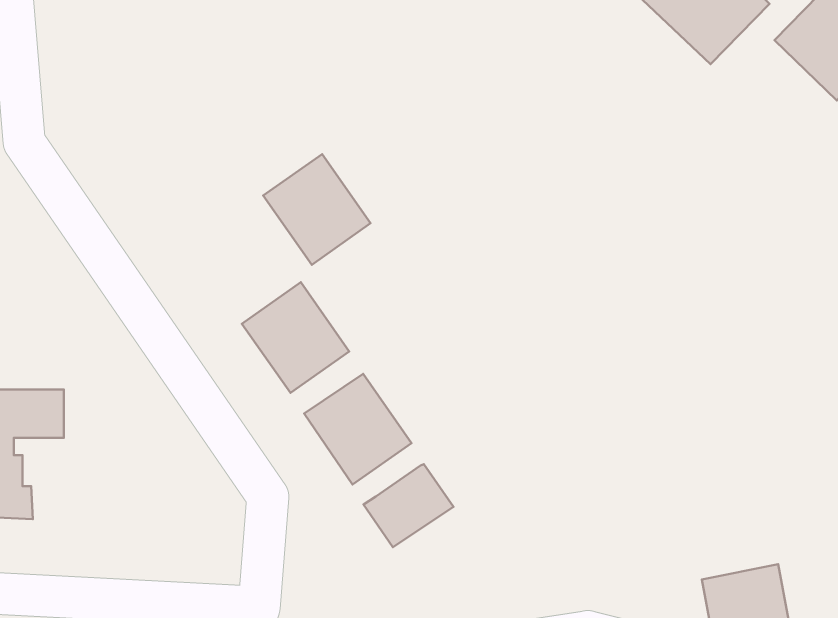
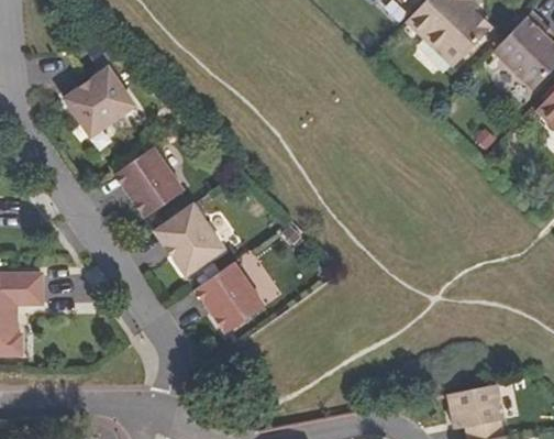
building: none -> [66,68,136,138]
building: [263,154,370,265] -> [115,147,184,218]
building: [363,464,453,547] -> none

